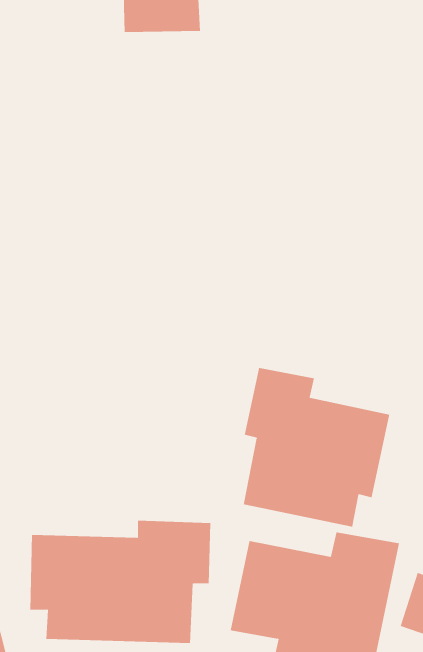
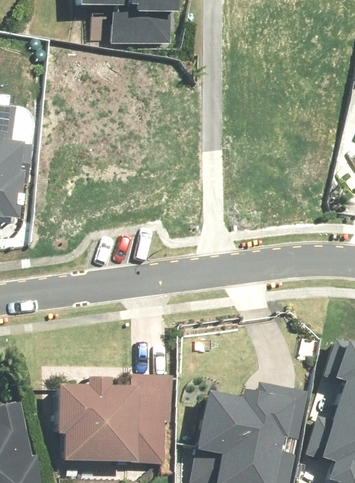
building: [243,367,390,528] -> none

